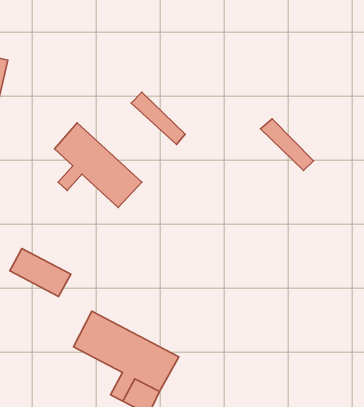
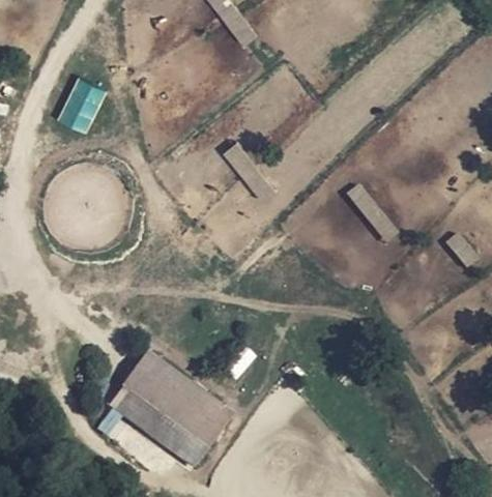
building: [55,123,142,208] -> none
building: [10,249,71,296] -> [111,385,172,439]

